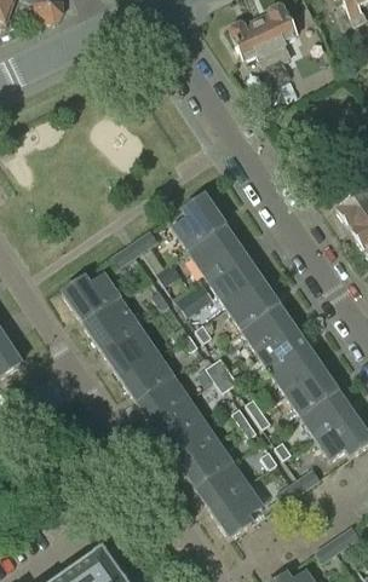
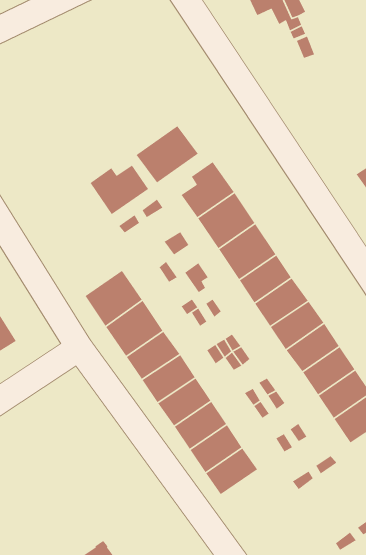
building: none -> [136,125,199,183]
building: [63,273,119,321] -> [90,165,149,215]
building: [211,483,261,537] -> none

